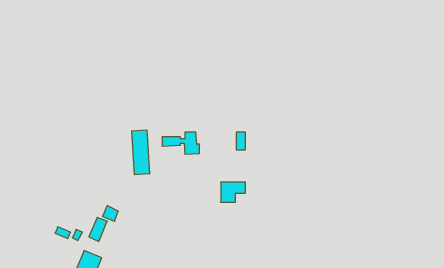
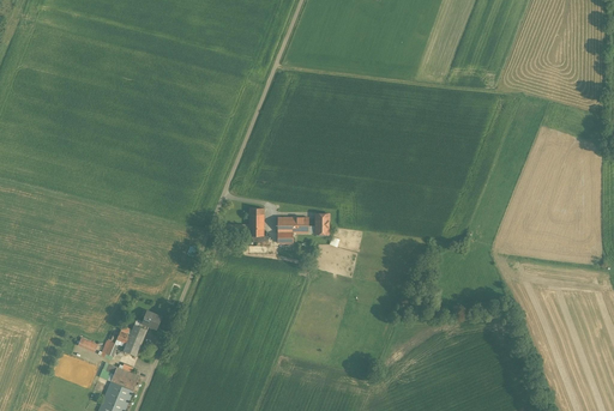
building: [132,130,150,175] -> none
building: [221,182,245,202] -> [278,217,311,243]

